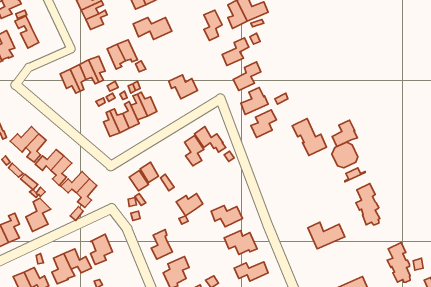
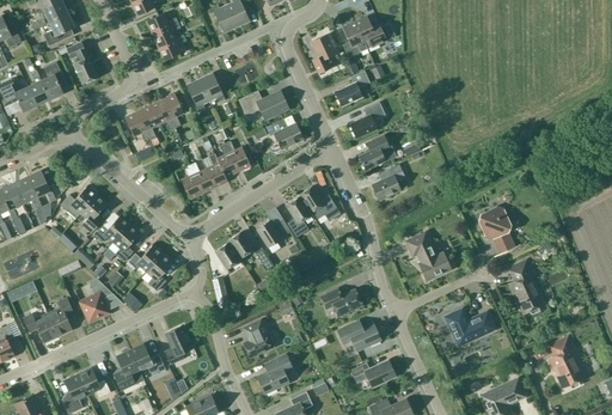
building: [133,17,172,40] -> [238,91,288,120]
building: [292,118,326,155] -> [405,232,449,280]
building: [332,120,358,146] -> none
building: [176,194,203,216] -> [256,218,290,246]

